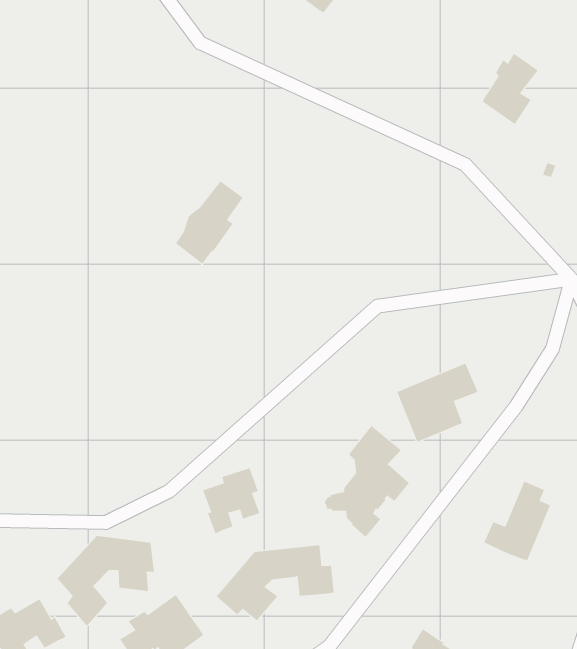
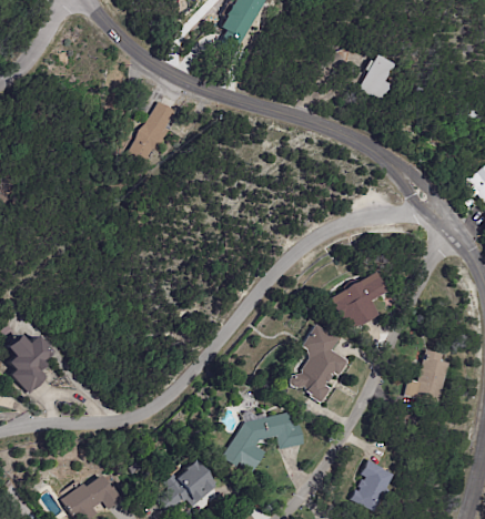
building: [175,180,243,264] -> [134,100,178,160]
building: [203,467,260,534] -> none
building: [57,535,154,626] -> none

